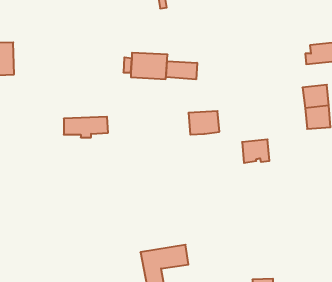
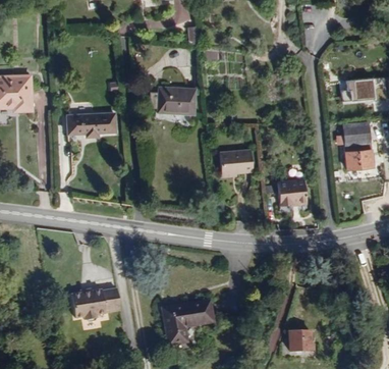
building: [166,61,197,79] -> none
building: [64,117,108,137] -> [67,115,115,138]
building: none -> [77,285,126,318]

